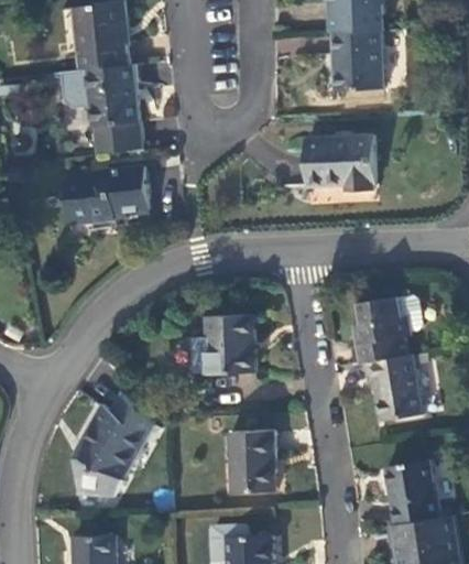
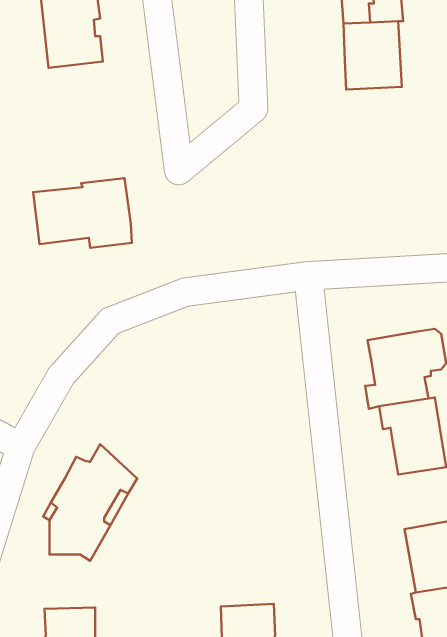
building: [59,61,142,151] -> none
building: [307,133,374,187] -> none
building: [205,316,253,375] -> none
building: [228,431,275,491] -> none

